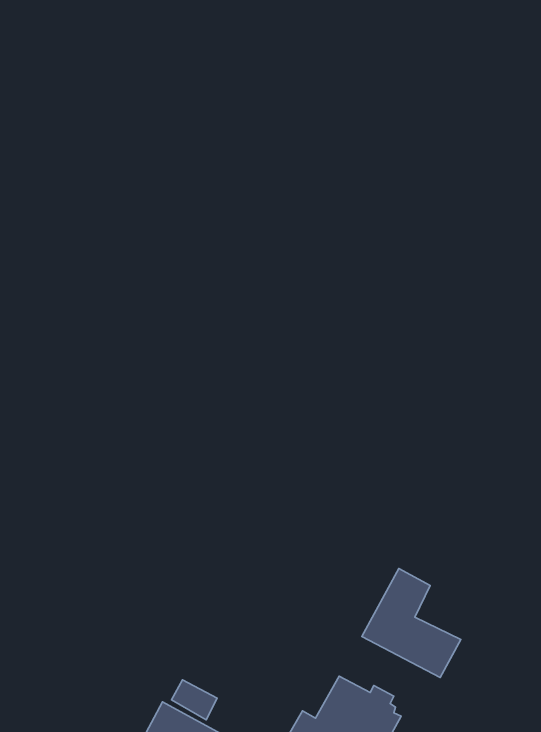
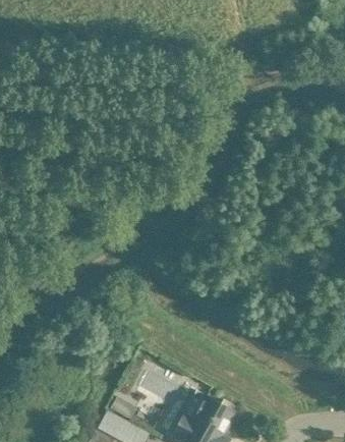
building: [362,568,461,678] -> none

